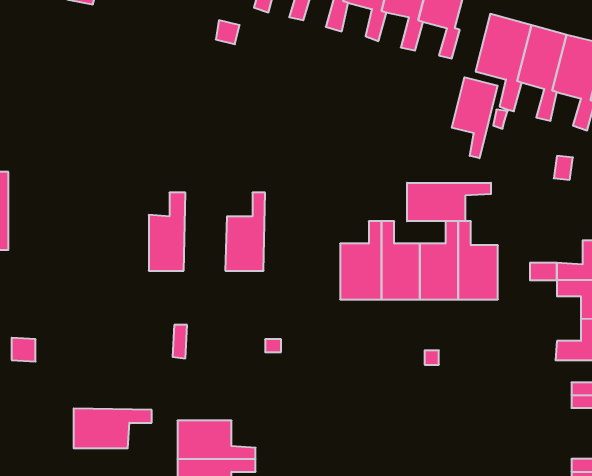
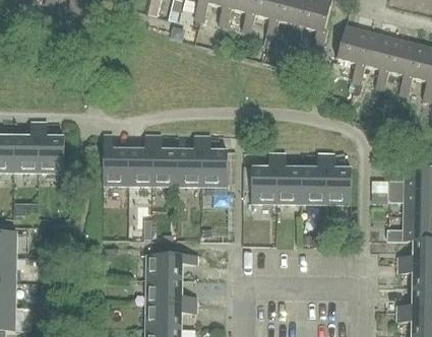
building: [452,77,498,158] -> none
building: none -> [38,122,64,172]
building: [407,183,491,221] -> none
building: none -> [103,135,127,185]
building: none -> [149,135,177,185]
building: none -> [200,135,226,185]
building: [74,408,152,448] -> [145,255,195,280]

